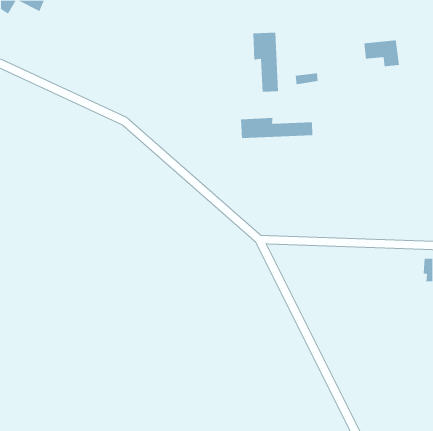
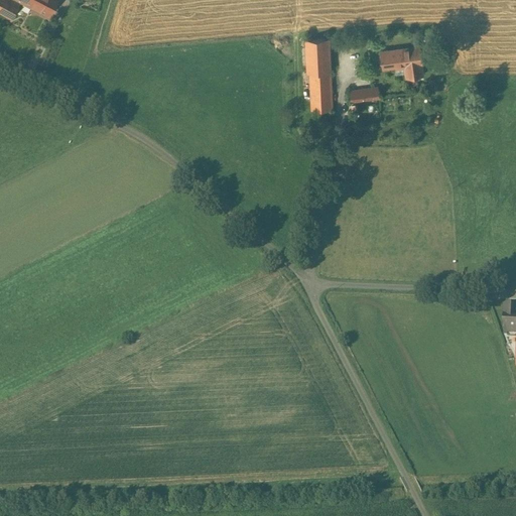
building: [363,40,400,67] -> [381,47,424,80]
building: [240,117,313,139] -> none

